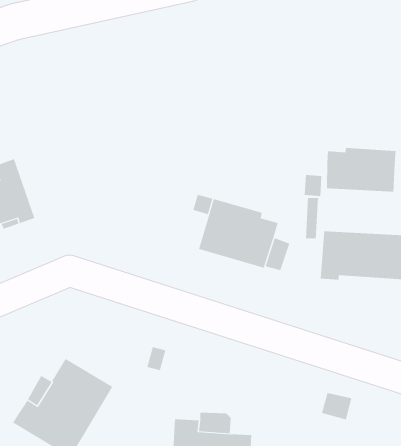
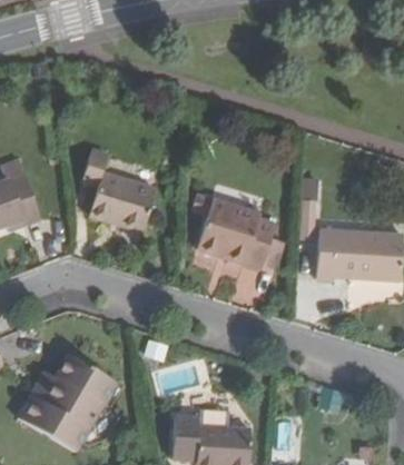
building: none -> [81,150,156,231]
building: [326,147,396,193] -> none

